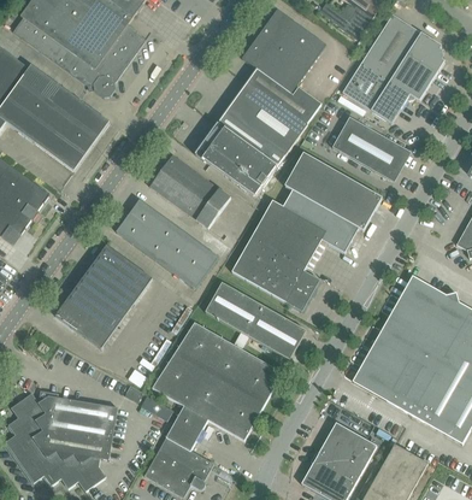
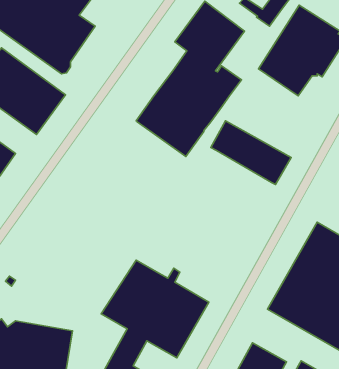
building: [331,117,408,181] -> none
building: [149,154,230,228] -> none
building: [231,189,358,311] -> none
building: [116,199,218,288] -> none
building: [55,245,152,348] -> none
building: [205,282,306,359] -> none

